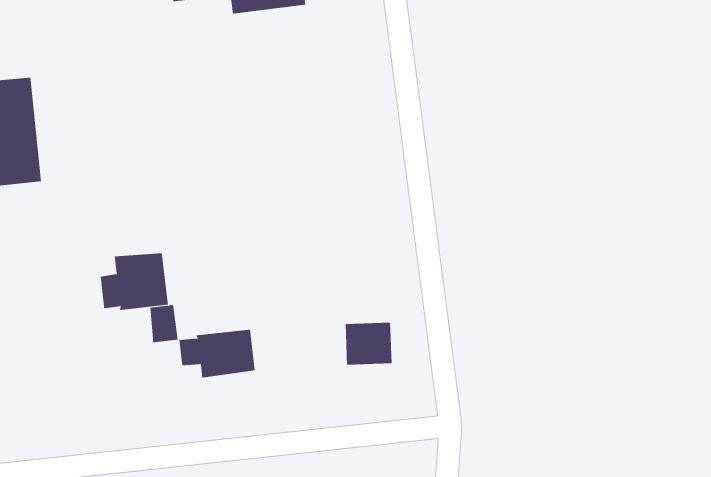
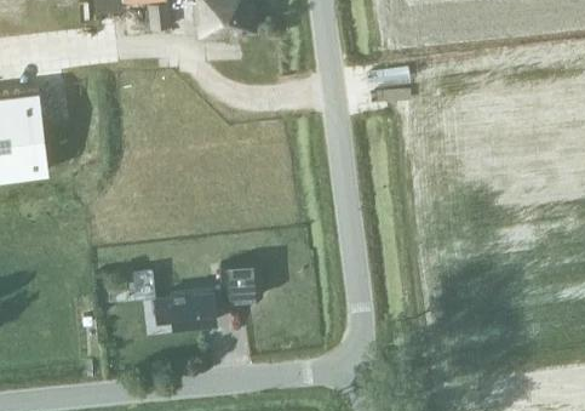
building: [100,252,168,311] -> none
building: [345,322,392,365] -> [223,264,260,298]

